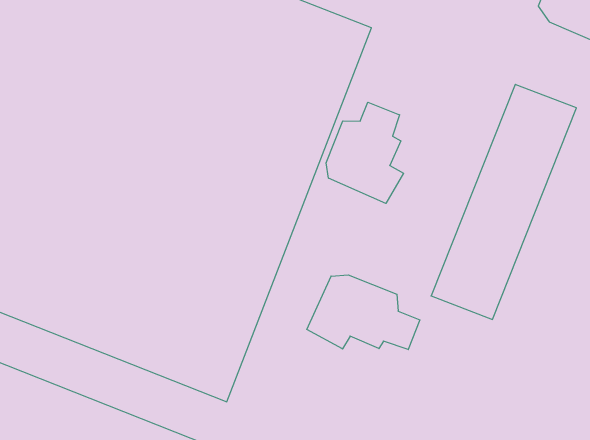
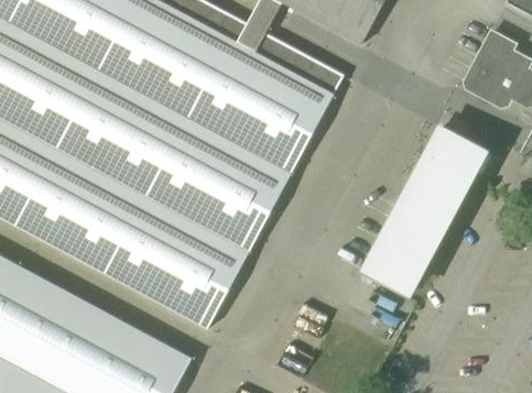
building: [326,102,404,203] -> none
building: [307,275,420,350] -> none

